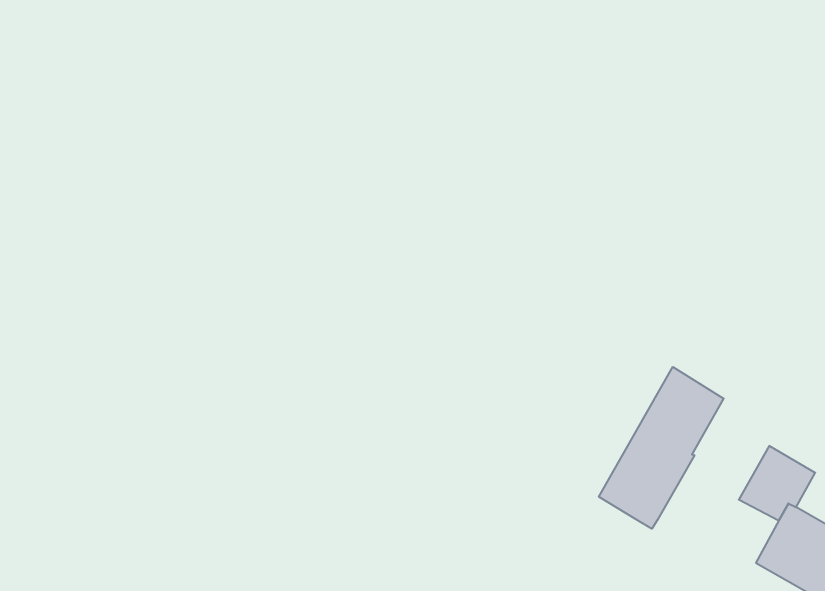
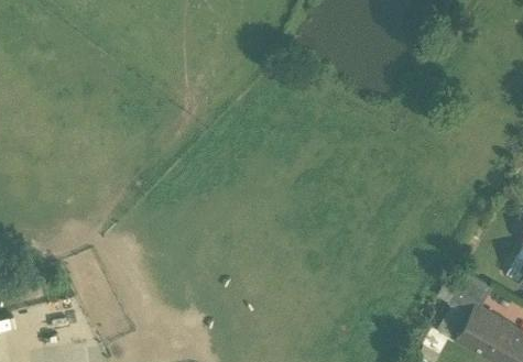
building: [599,367,724,529] -> none

